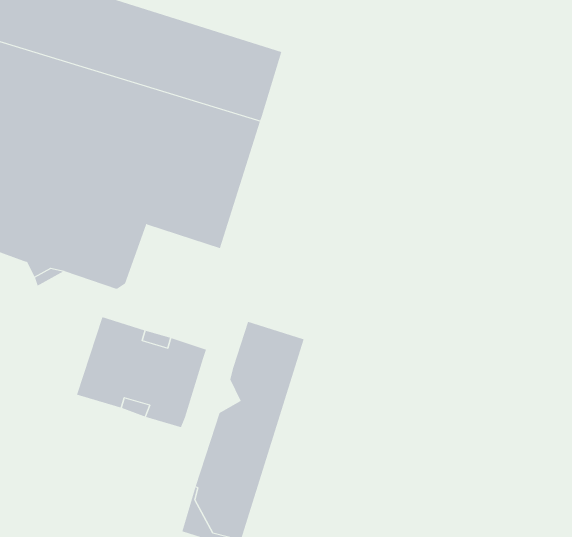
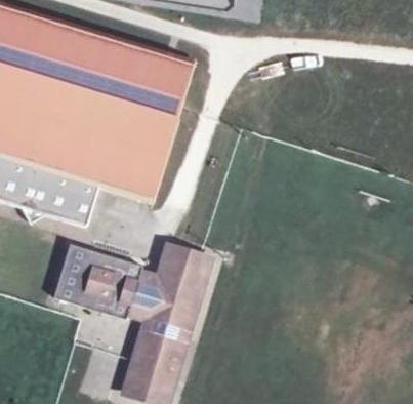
building: none -> [128,274,165,320]

